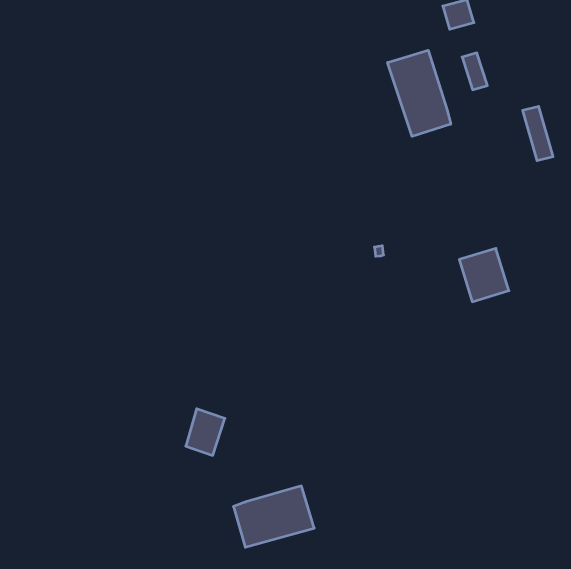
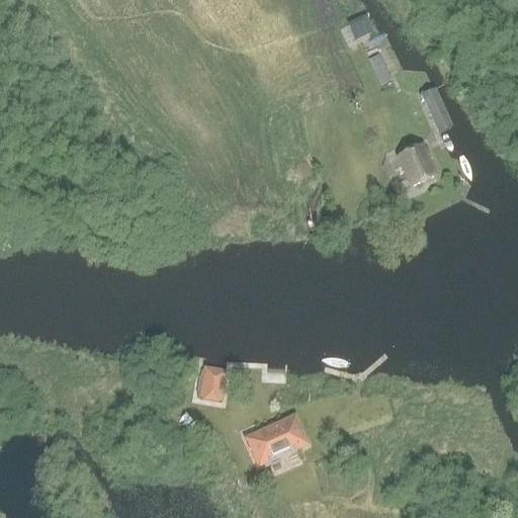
building: [388,50,451,136] -> none
building: [459,248,509,302] -> [396,145,438,189]

